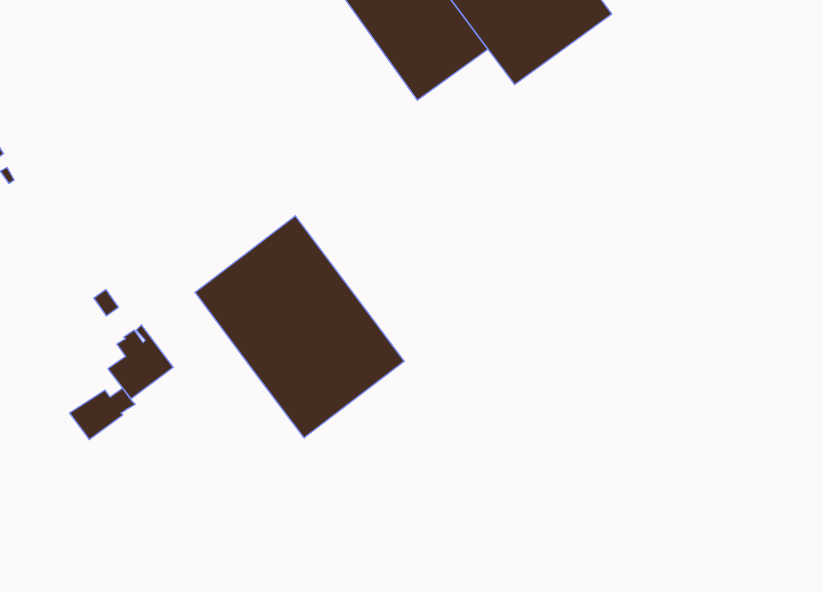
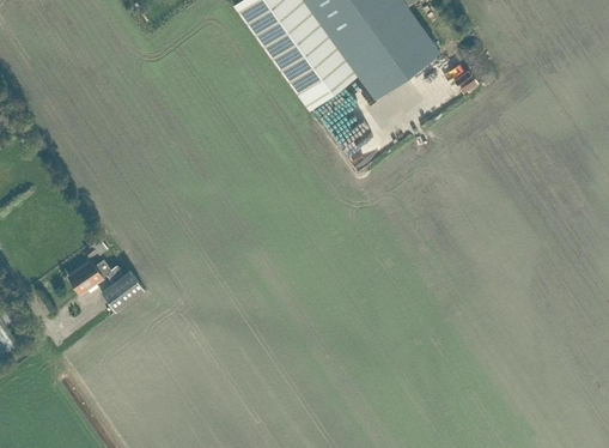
building: [195,216,404,438] -> none
building: [70,388,135,440] -> [67,261,111,296]

